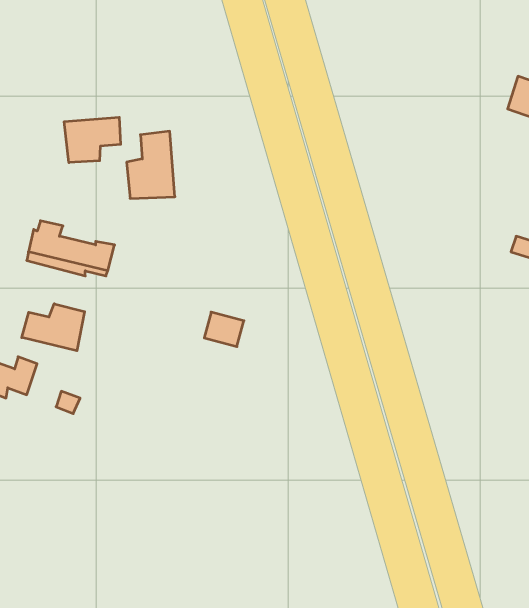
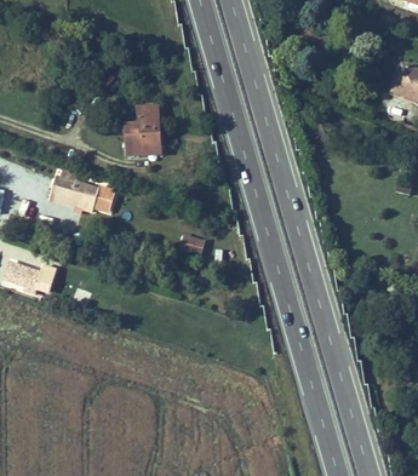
building: [64,117,121,163] -> none
building: [22,304,85,351] -> none

